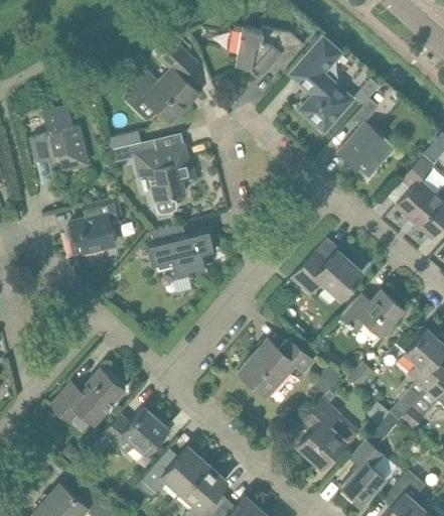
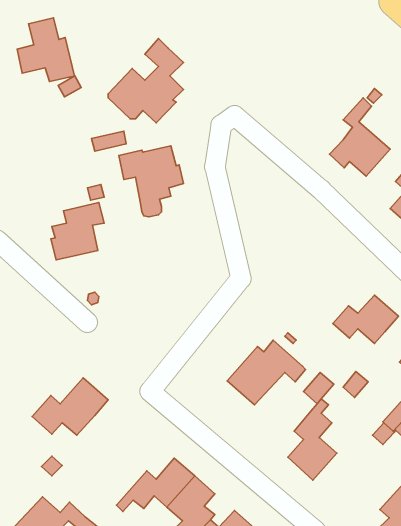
building: [236,27,304,74] -> none
building: [291,39,352,132] -> none
building: [31,109,87,170] -> [17,18,74,81]
building: [150,224,214,277] -> none
building: [292,250,362,298] -> none
building: [104,407,168,454] -> none
building: [340,440,385,504] -> none

